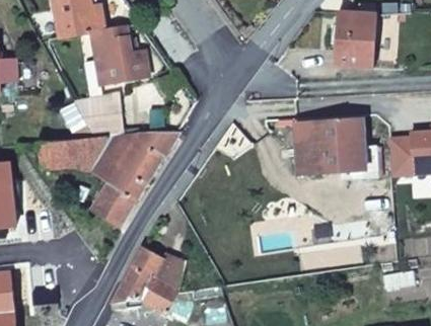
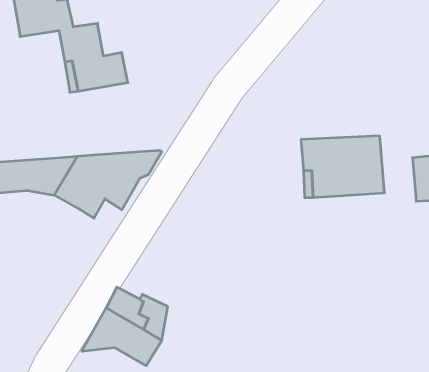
building: [336,11,375,67] -> none
building: [72,93,121,138] -> none
building: [93,172,145,226] -> none

